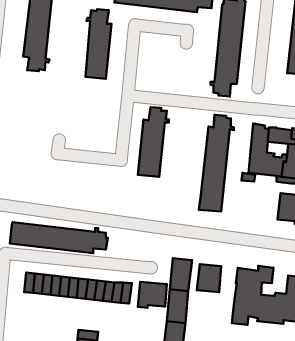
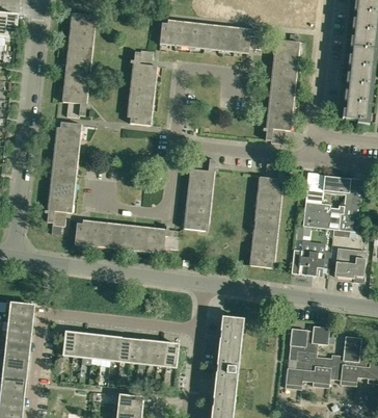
building: none -> [44,121,81,234]
building: none -> [291,249,330,276]
building: [10,222,108,253] -> [74,219,179,253]
building: [197,264,221,292] -> none
building: [138,282,167,308] -> none

